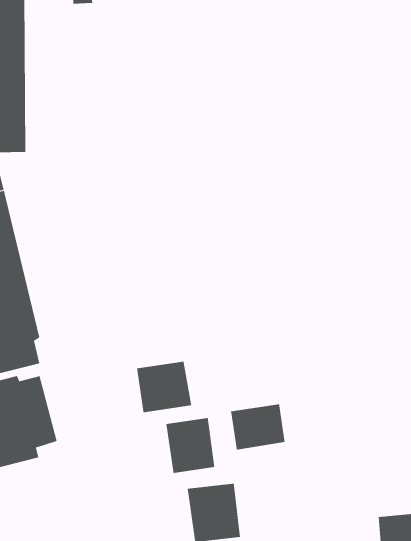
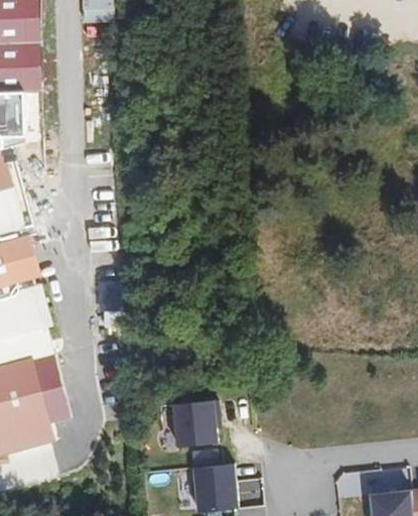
building: [136,361,192,413] -> none
building: [231,404,285,451] -> none

